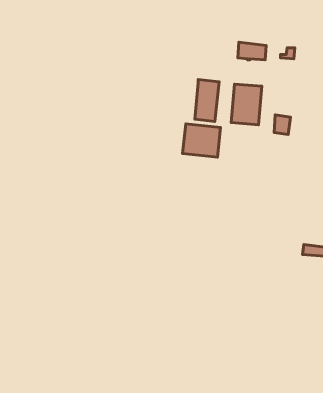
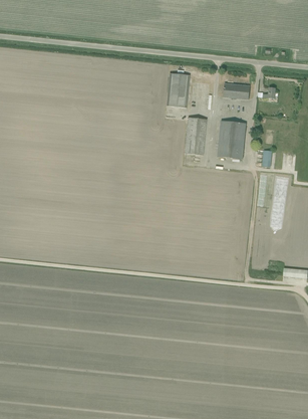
building: none -> [168,72,191,108]
building: [183,124,220,157] -> none

